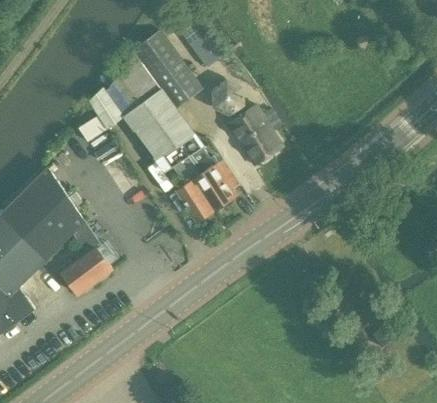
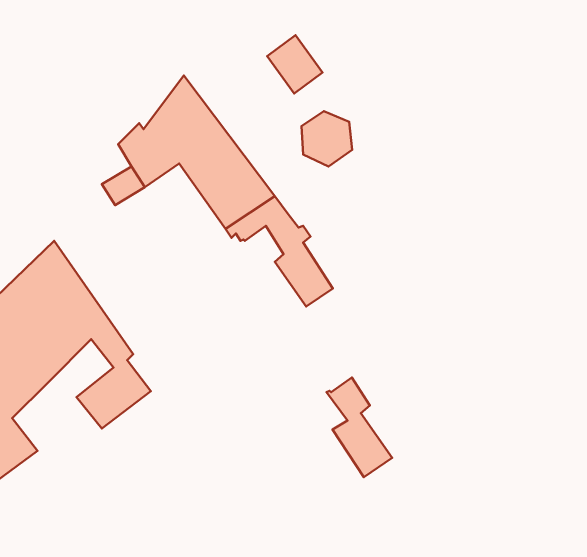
building: [133,31,203,109] -> none
building: [227,106,282,167] -> none
building: [171,157,215,224] -> [327,377,392,477]

